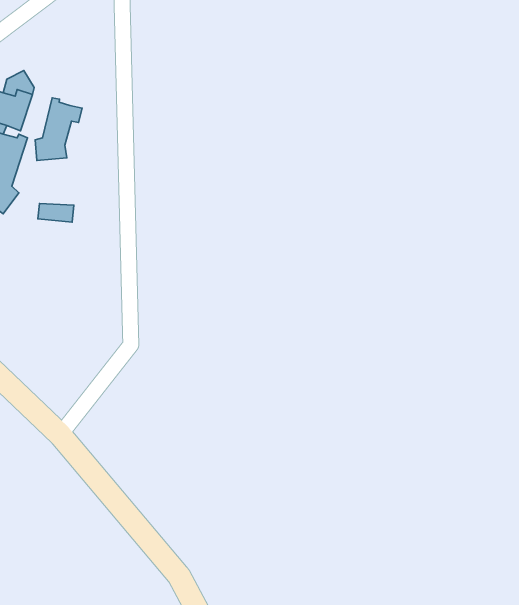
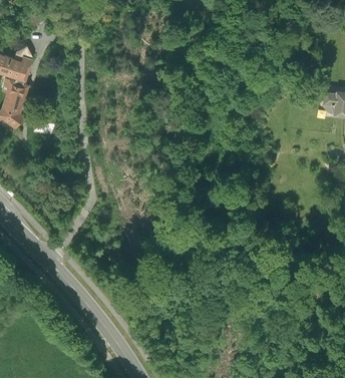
building: [35,98,82,160] -> none

